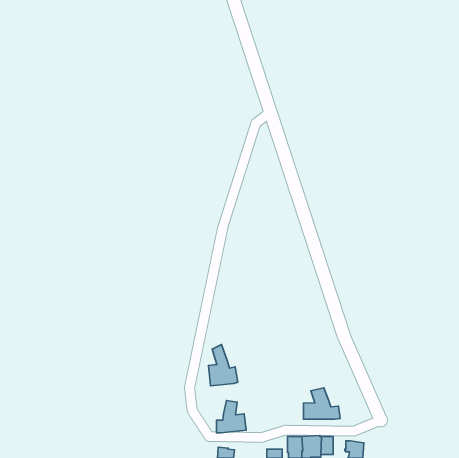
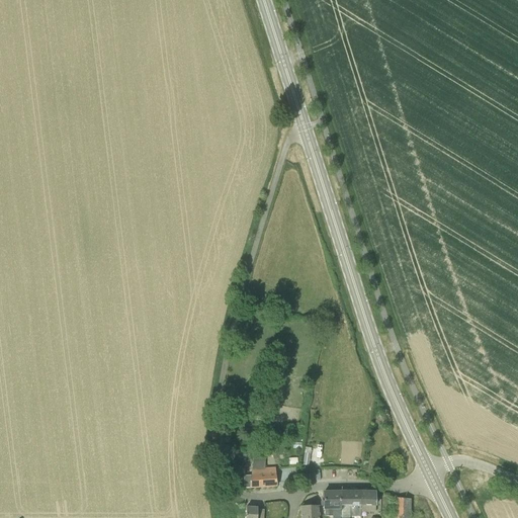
building: [208,345,238,386] -> none
building: [303,388,340,419] -> none

